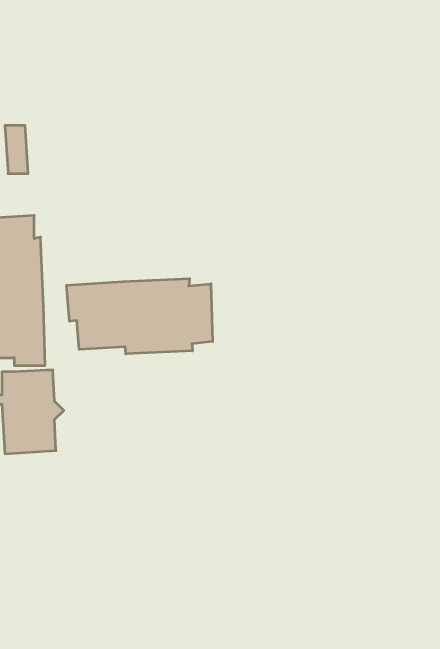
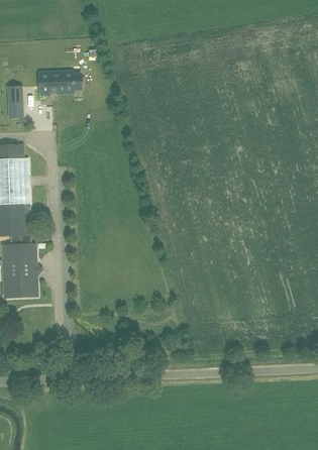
building: none -> [37,72,71,94]
building: [67,279,213,354] -> none

